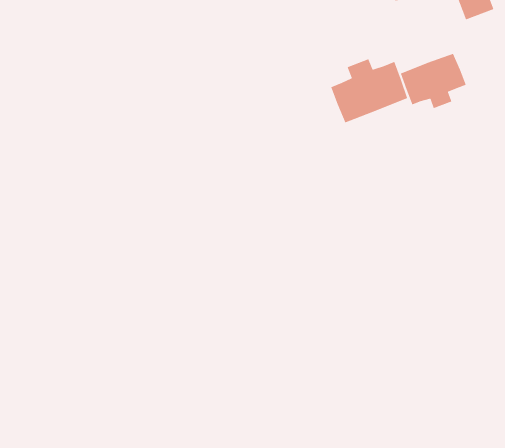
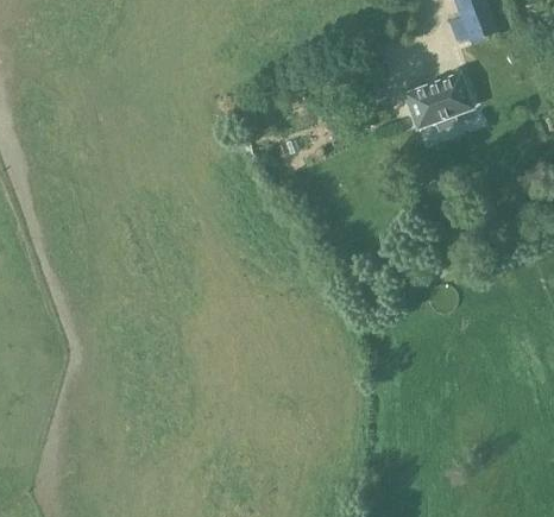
building: [330,58,408,123] -> none

